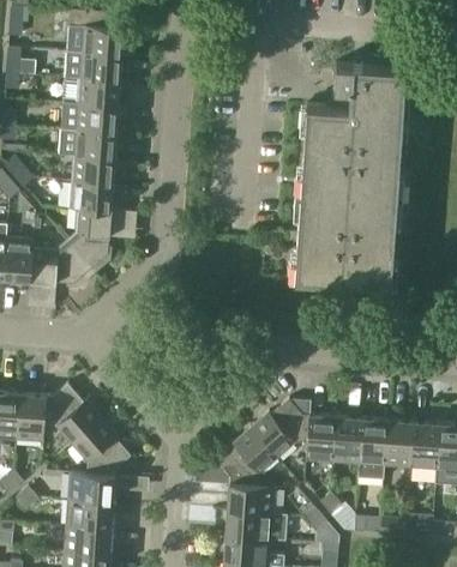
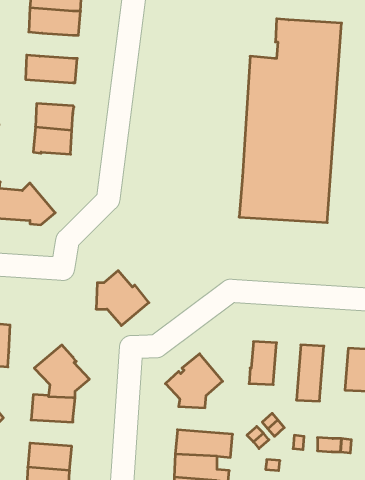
building: [77,79,119,107] -> none
building: [59,129,115,159] -> none
building: [66,209,110,275] -> none
building: [43,384,101,444] -> [96,271,149,326]
building: [251,399,309,458] -> none
building: [331,416,361,464] -> none
building: [383,420,413,468] -> none
building: [227,485,273,514] -> none
building: [66,500,113,529] -> none

